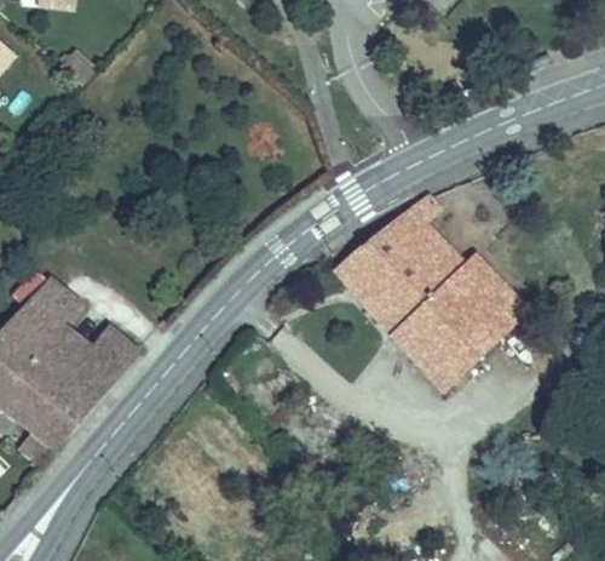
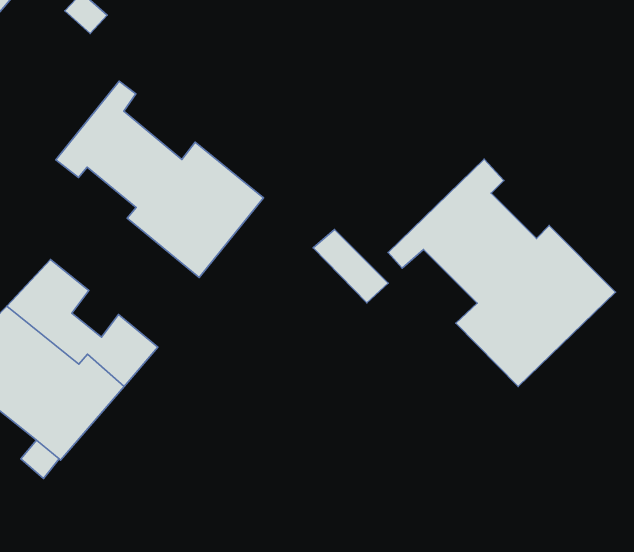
building: none -> [56,81,264,278]
building: [346,269,410,332] -> [313,230,388,303]

